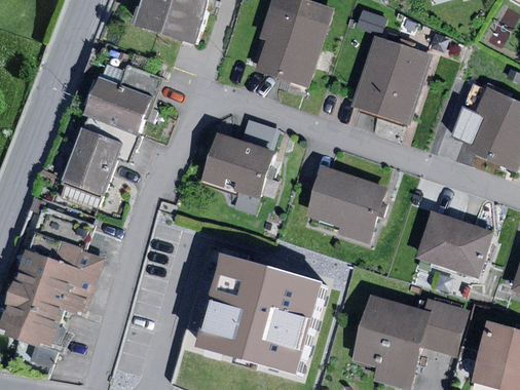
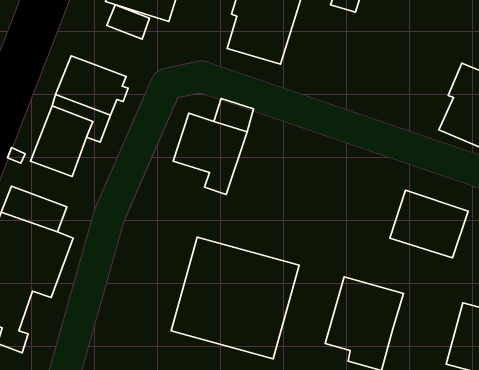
building: [351,35,430,122] -> none
building: [120,64,162,98] -> [107,5,150,39]
building: [307,166,386,243] -> none
building: [418,299,468,355] -> none

